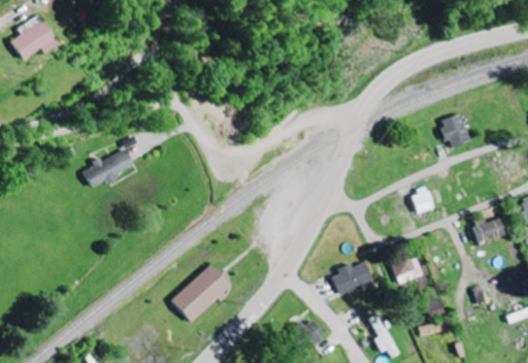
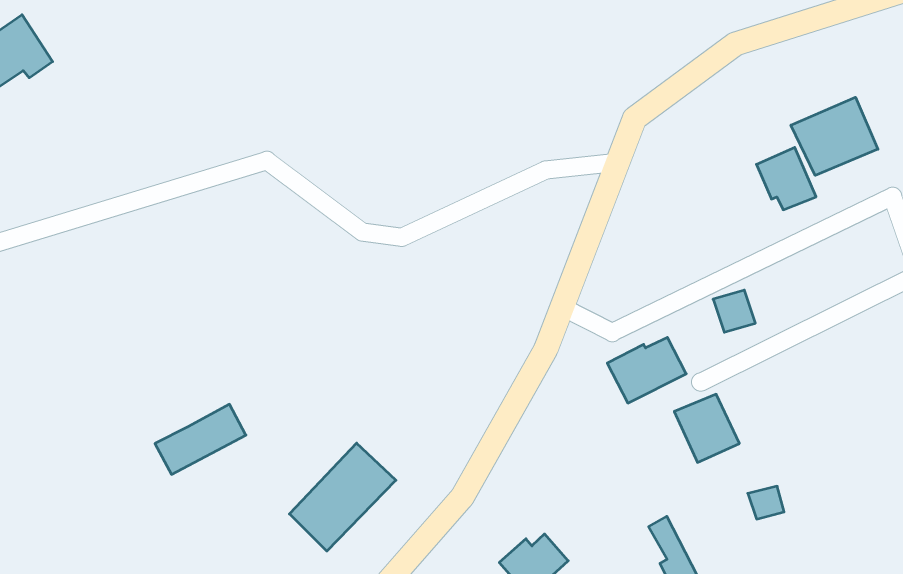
building: none -> [791,97,878,175]
building: [85,150,135,187] -> [155,404,246,474]
building: [473,219,504,243] -> none
building: [330,262,373,297] -> [607,337,686,403]

